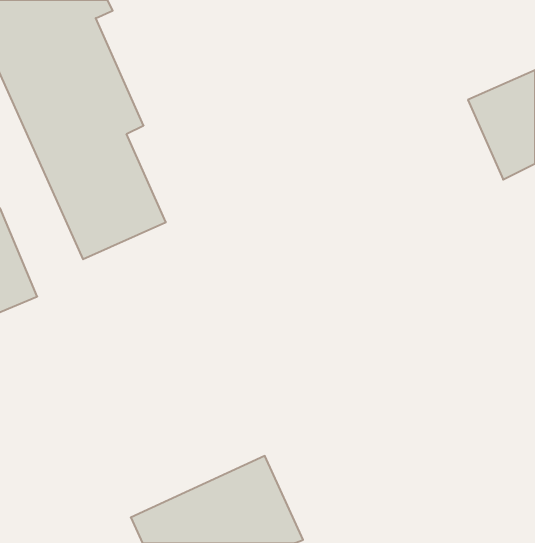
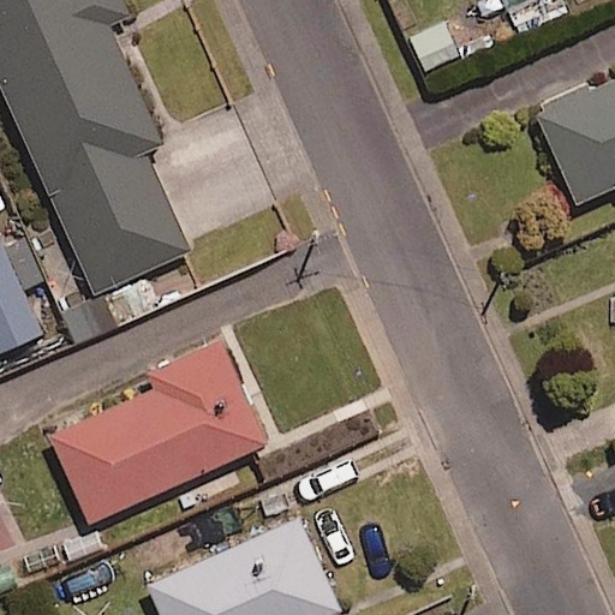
building: none -> [50,339,270,524]

